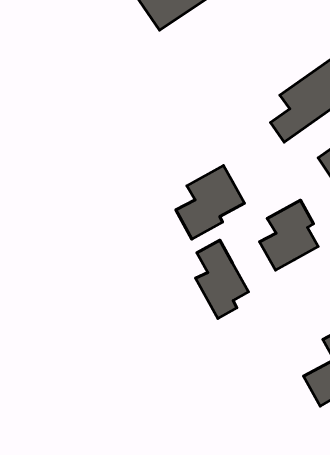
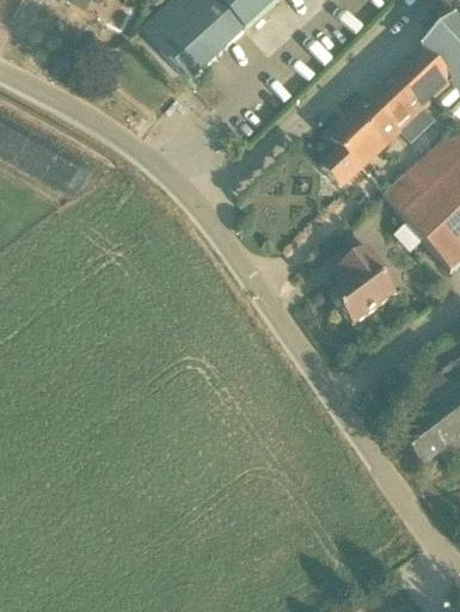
building: [176,165,244,239] -> none
building: [196,240,248,318] -> none

